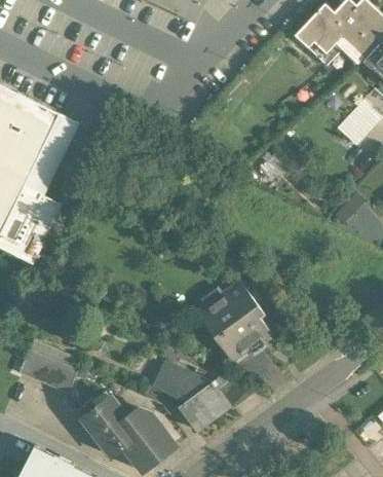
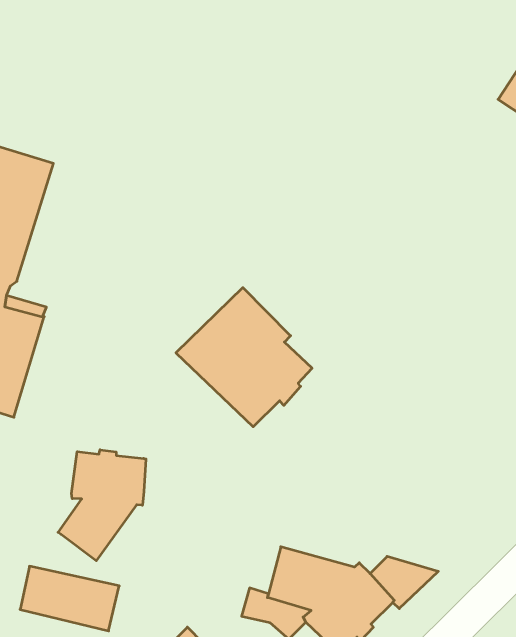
building: [197,283,273,363] -> [176,288,312,427]
building: none -> [58,450,146,561]

